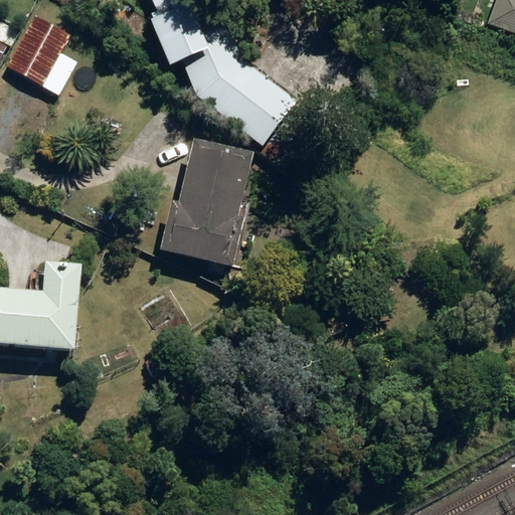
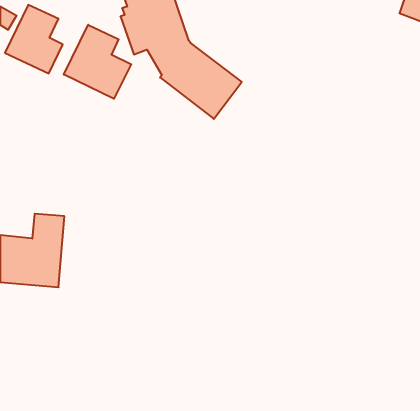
building: none -> [64,25,131,99]
building: [167,141,250,265] -> none

